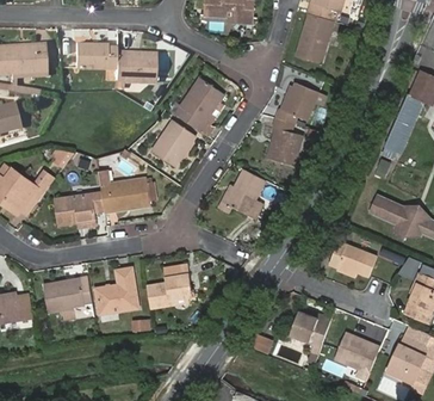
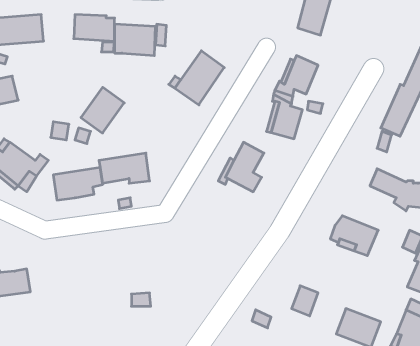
building: [153,119,196,165] -> [81,87,124,133]
building: [145,264,193,307] -> none
building: [95,267,137,310] -> none
building: [44,277,92,311] -> none

